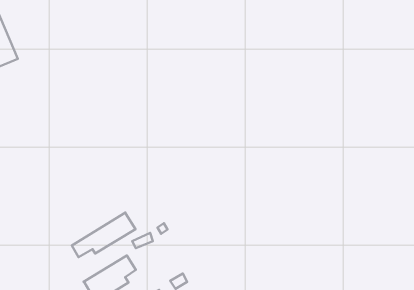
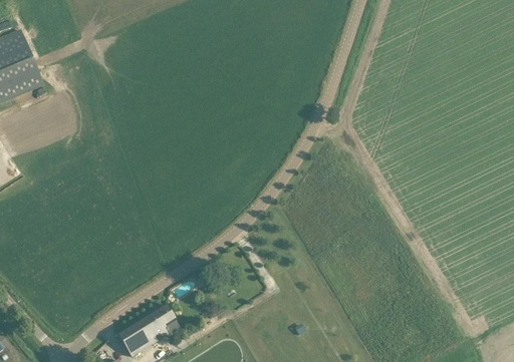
building: [72,213,135,257] -> none

